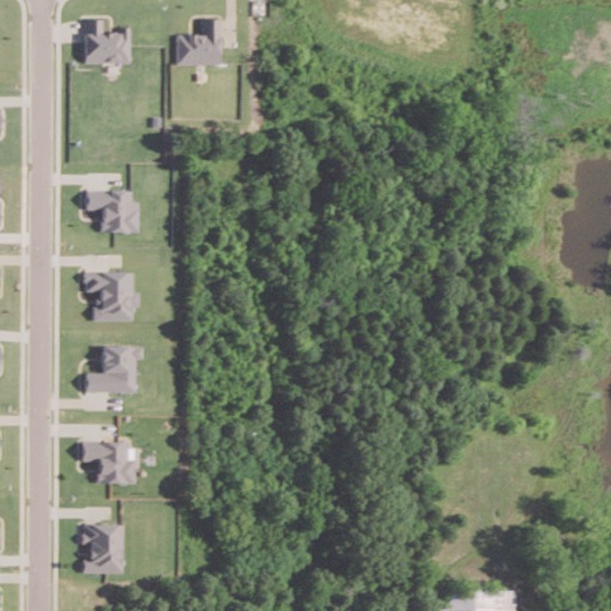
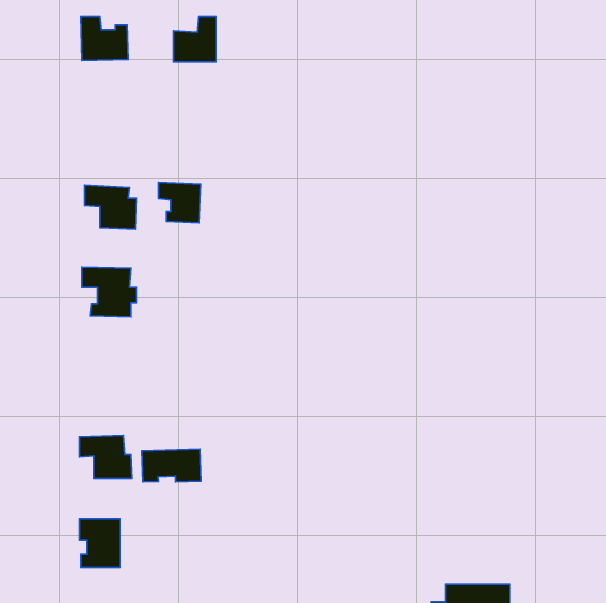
building: none -> [158,183,201,223]
building: [85,347,142,394] -> none
building: none -> [142,449,201,482]

